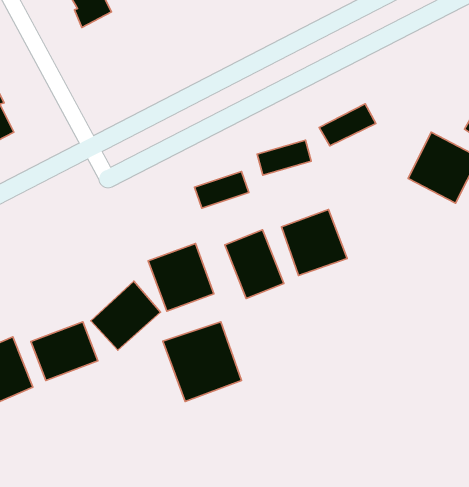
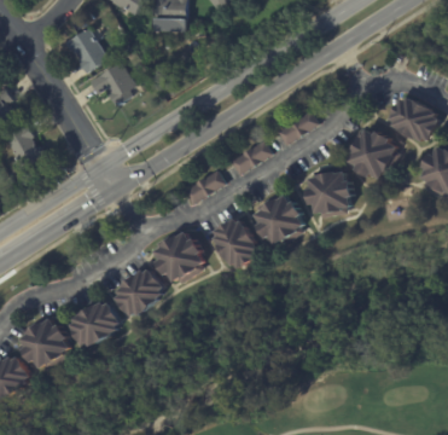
building: none -> [88,62,135,105]
building: none -> [308,169,353,217]
building: [163,322,242,401] -> none

